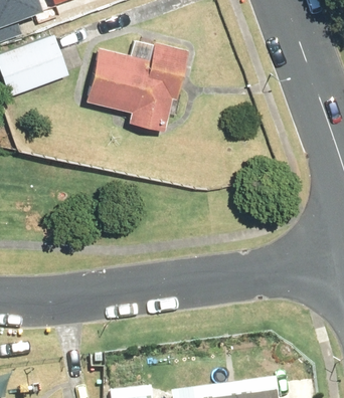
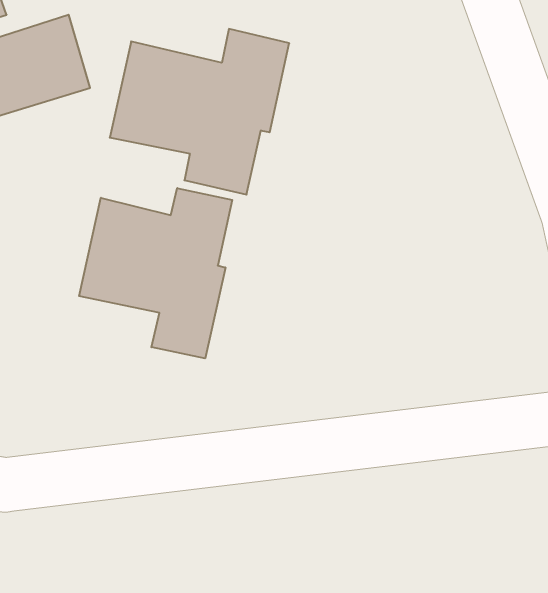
building: none -> [79,188,232,358]

